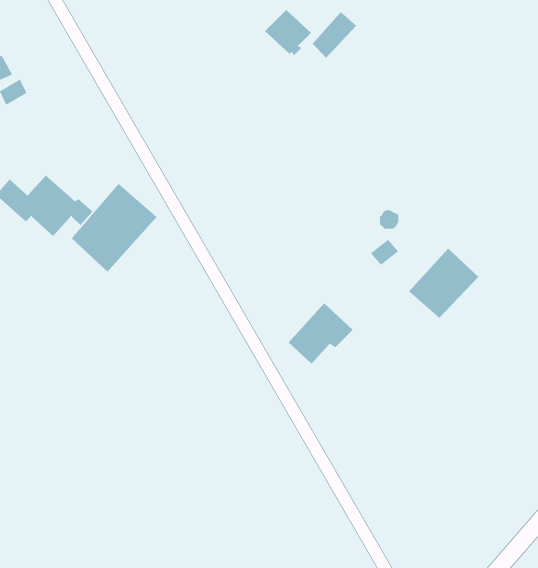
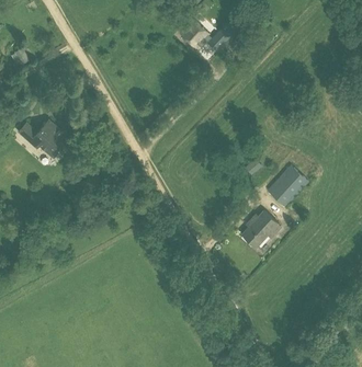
building: [71,183,157,273] -> none
building: [288,303,353,365] -> [240,209,280,246]

